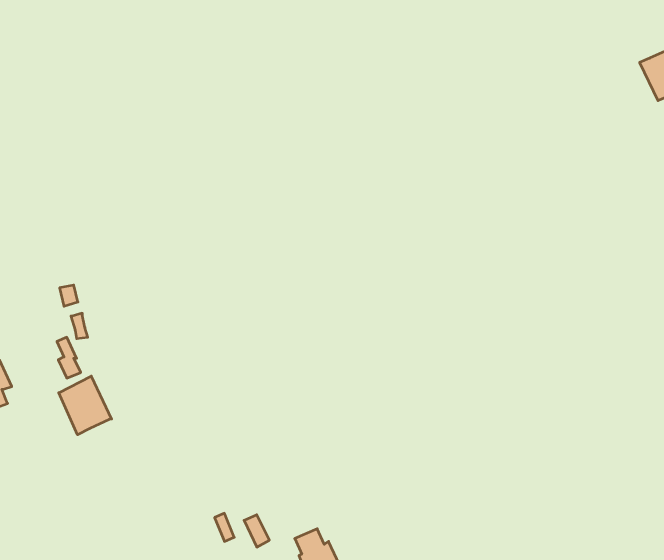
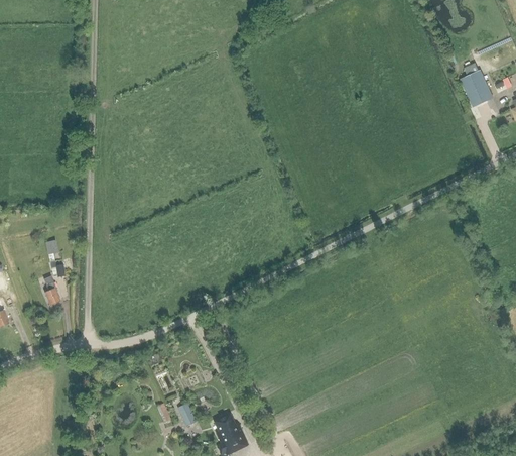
building: [59,376,112,435] -> none

